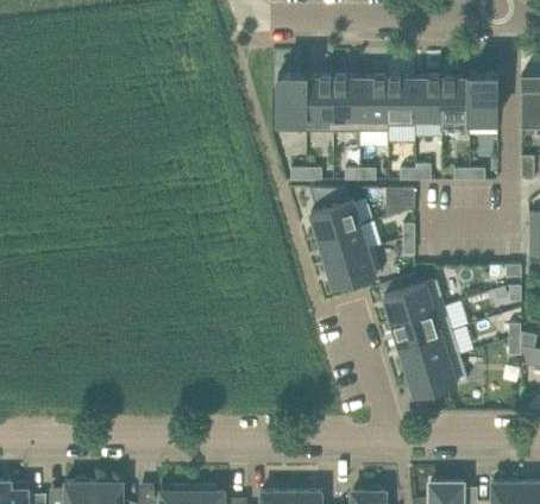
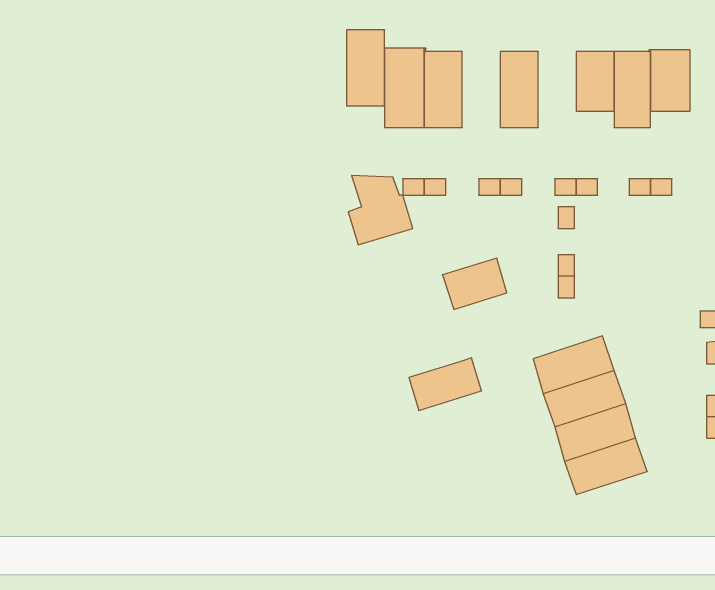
building: [333,77,360,132] -> [347,30,385,106]
building: [388,77,415,126] -> none
building: [312,188,358,238] -> [348,175,413,245]
building: [327,248,379,286] -> [409,358,482,411]

